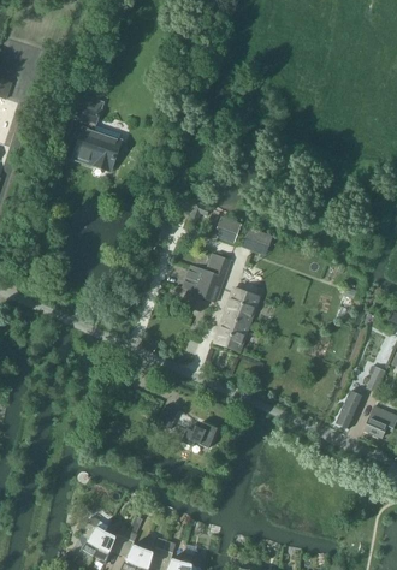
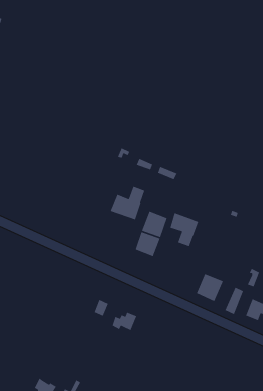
building: [67,93,120,170] -> none
building: none -> [169,212,199,247]
building: none -> [196,273,224,302]

